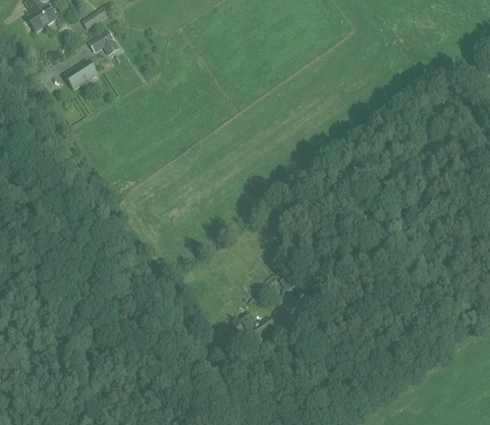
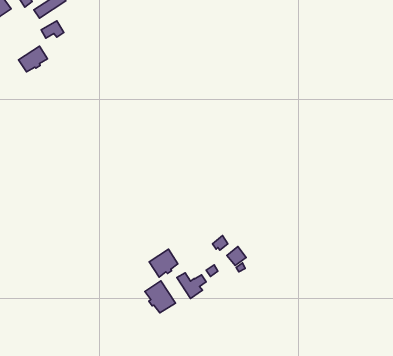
building: none -> [149,249,178,277]
building: none -> [145,281,176,313]

